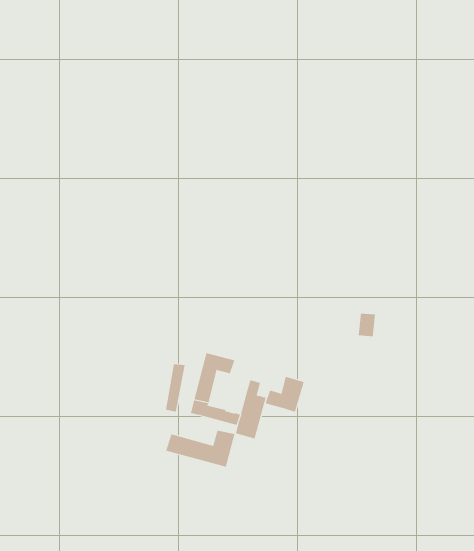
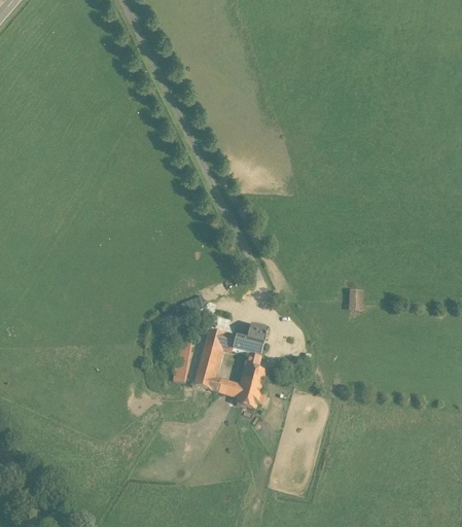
building: [265,376,304,412] -> [234,323,270,356]
building: [165,430,235,467] -> none

